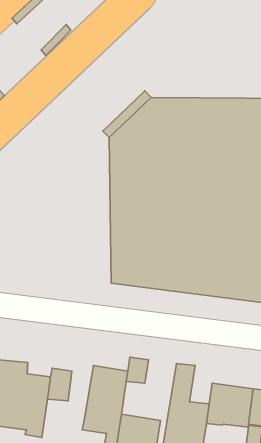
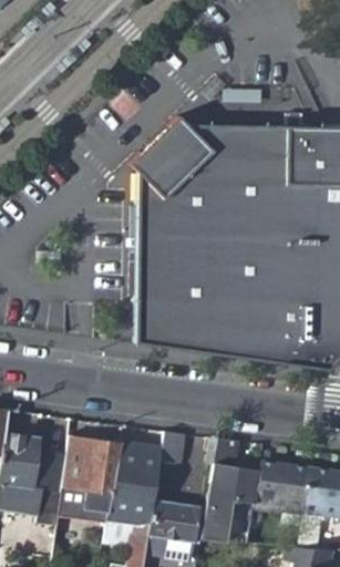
building: none -> [87,437,120,506]

